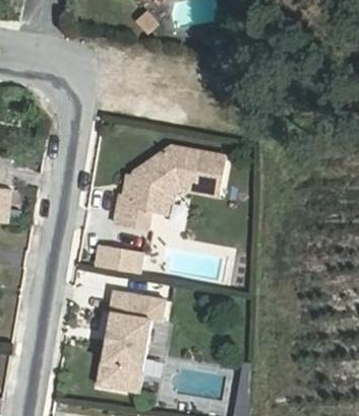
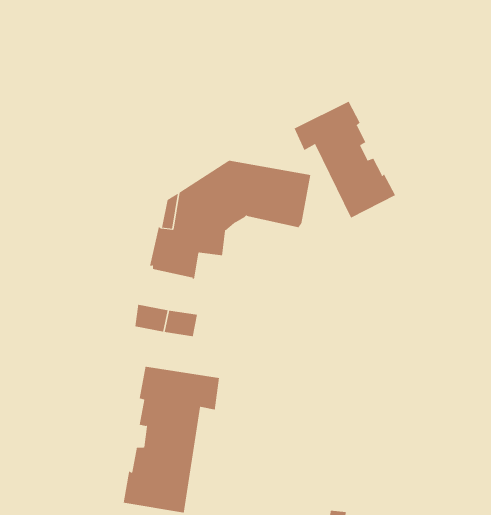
building: none -> [294,101,396,218]

